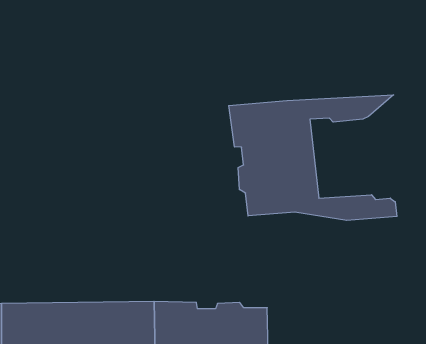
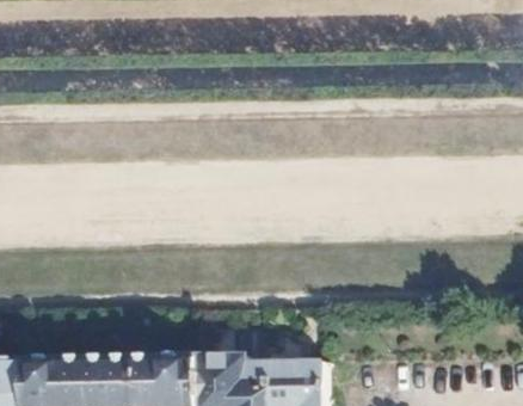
building: [229,95,397,220] -> none

